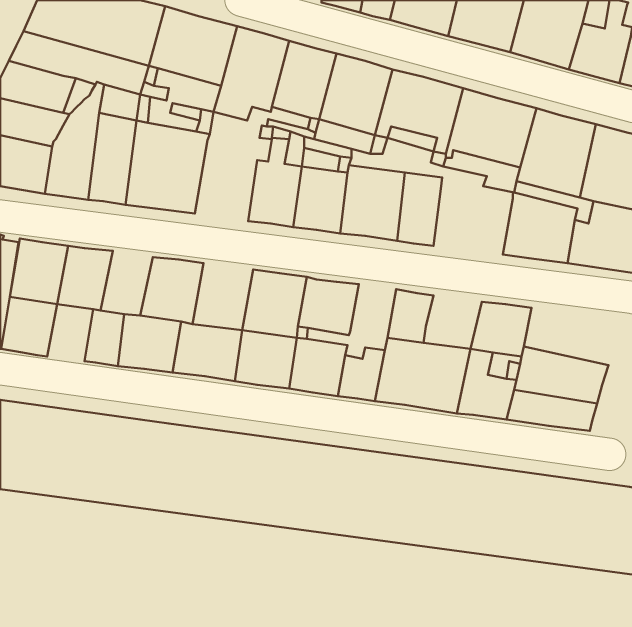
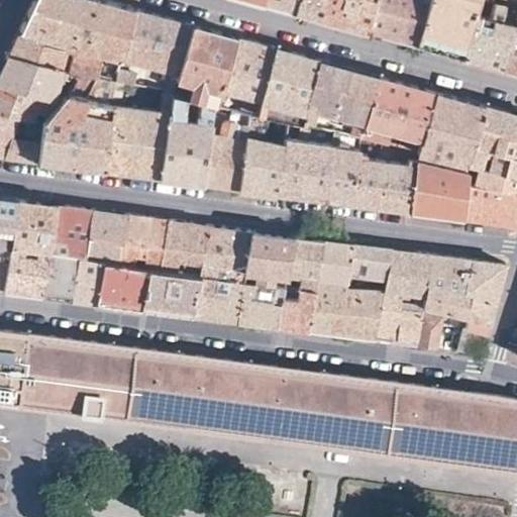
building: none -> [161,120,212,186]
building: none -> [354,160,419,213]
building: none -> [84,210,126,263]
building: none -> [159,220,208,275]
building: none -> [287,237,324,291]
building: none -> [348,246,394,280]
building: none -> [40,253,78,300]
building: none -> [428,256,507,303]

